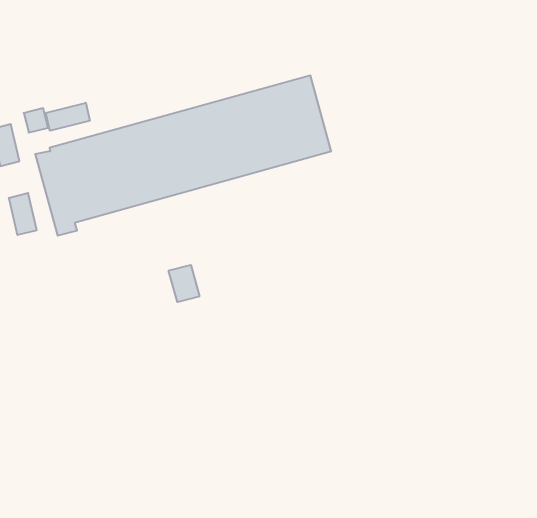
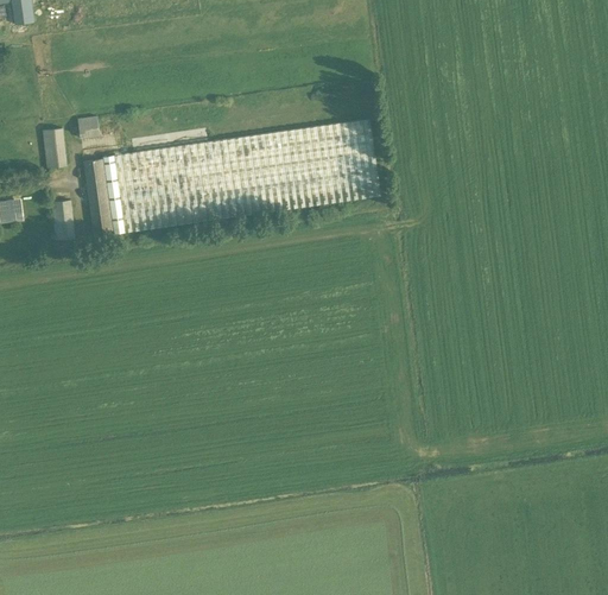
building: [46,103,90,131] -> none
building: [169,265,199,302] -> none

